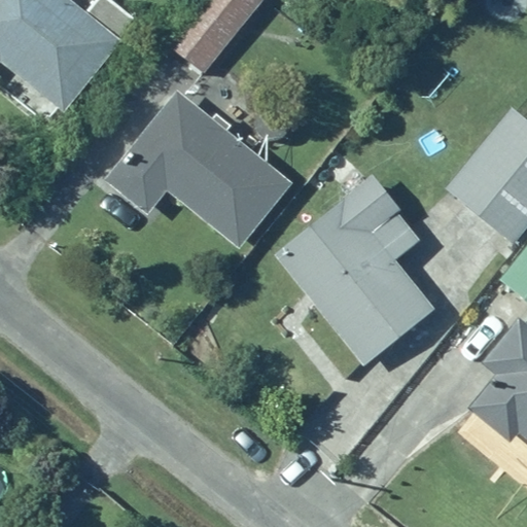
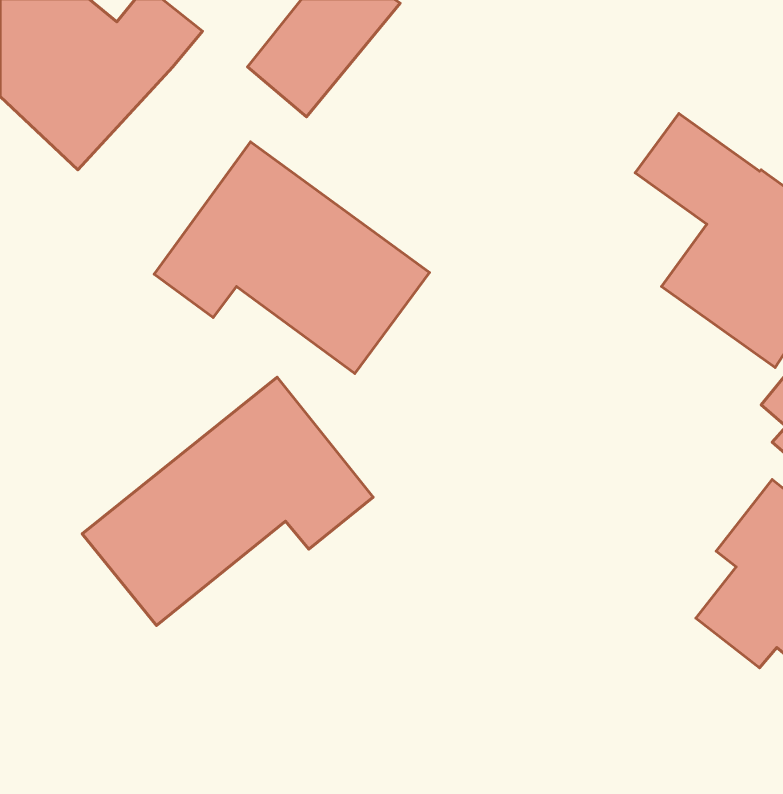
building: [271,171,436,365] -> none
building: none -> [82,377,373,625]

